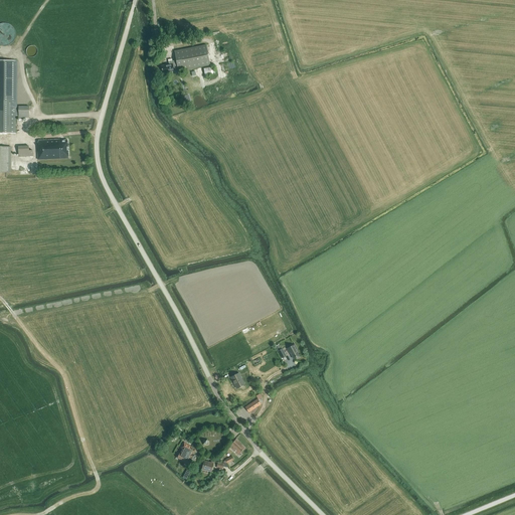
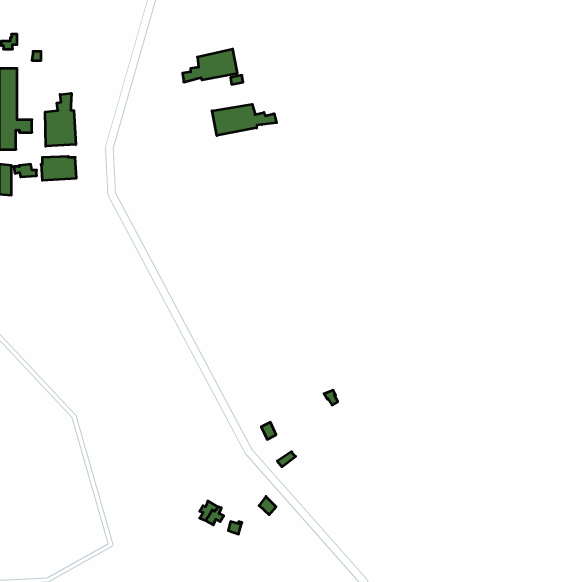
building: none -> [45,93,76,146]
building: none -> [212,104,277,136]

